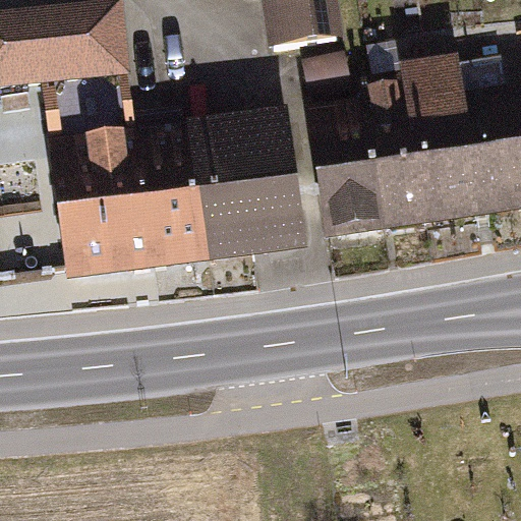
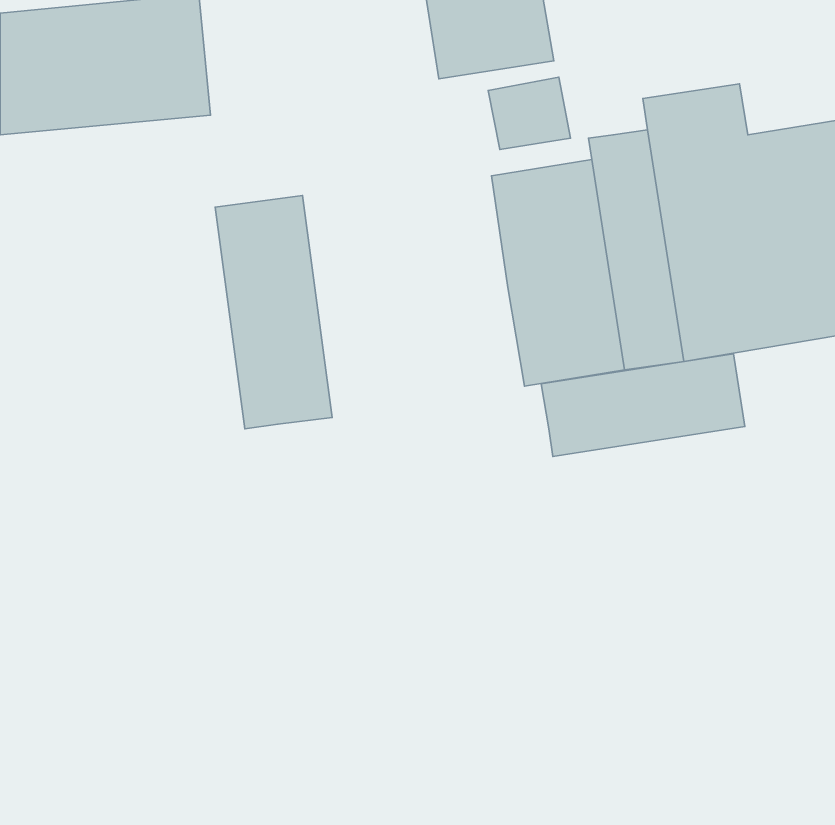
building: [190,109,304,258] -> none
building: [48,128,155,278] -> none
building: none -> [541,354,745,456]

